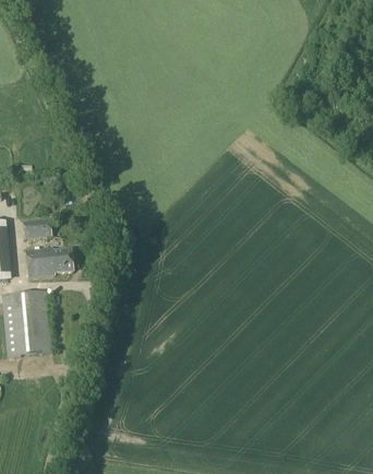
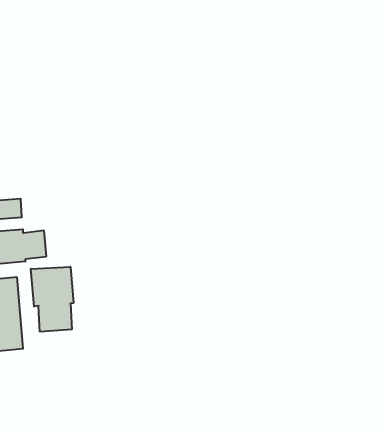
building: none -> [31,267,73,332]

